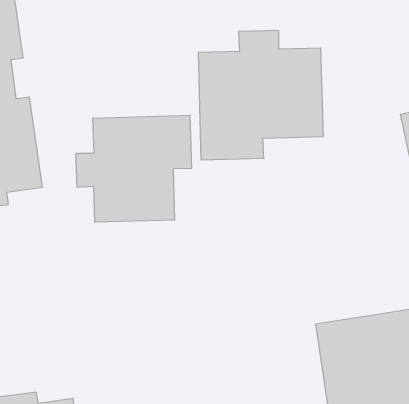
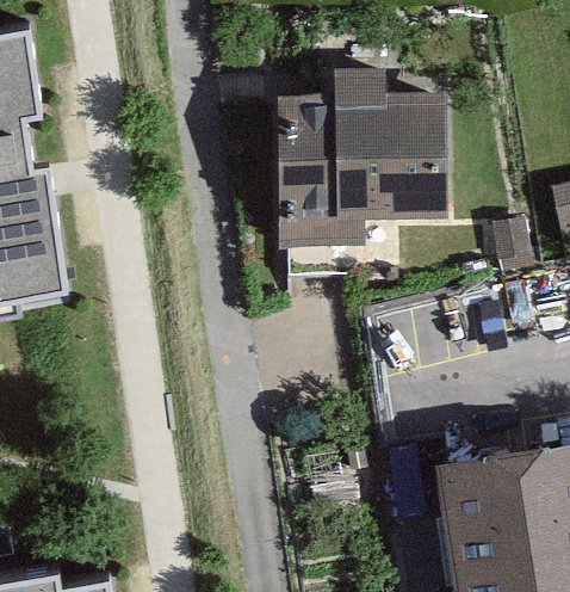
building: [76,115,191,222] -> none

